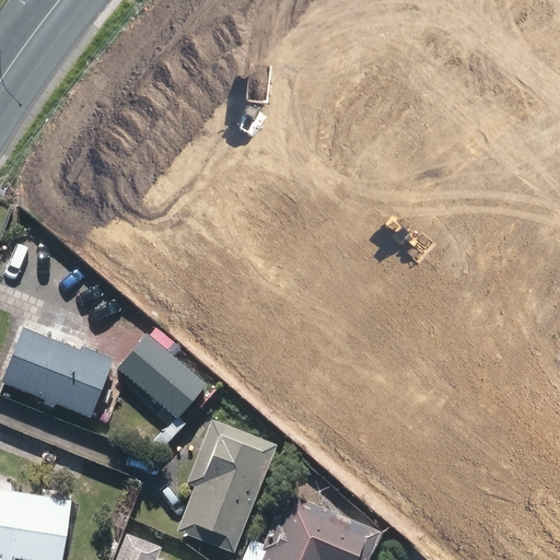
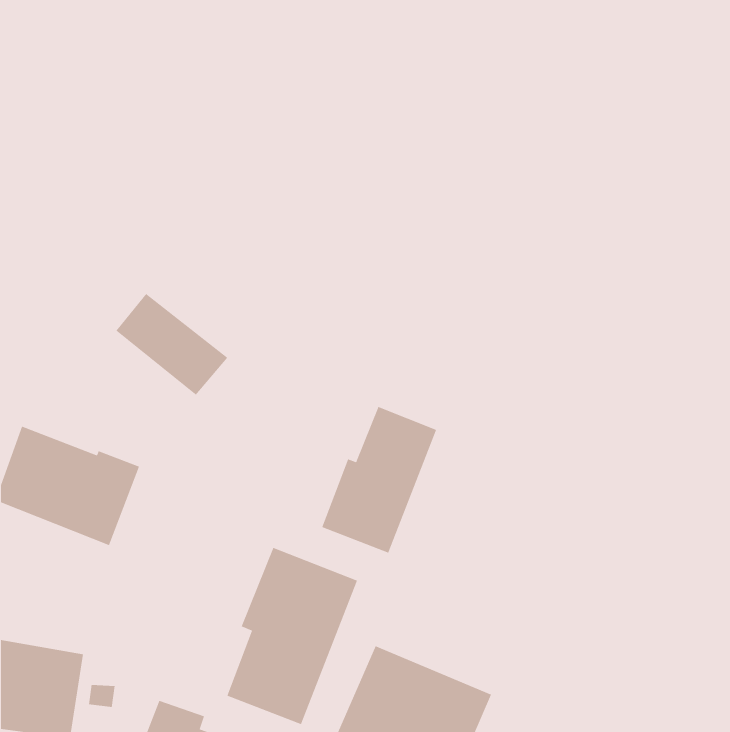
building: none -> [322,406,437,554]
building: [117,340,202,418] -> [116,293,228,396]

